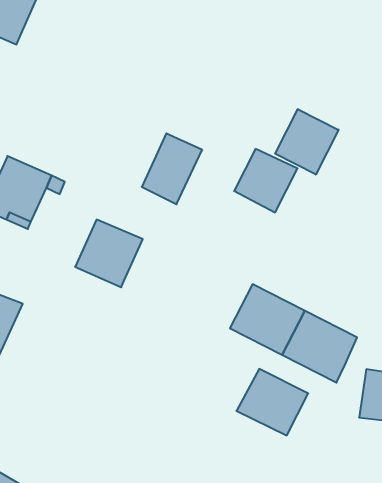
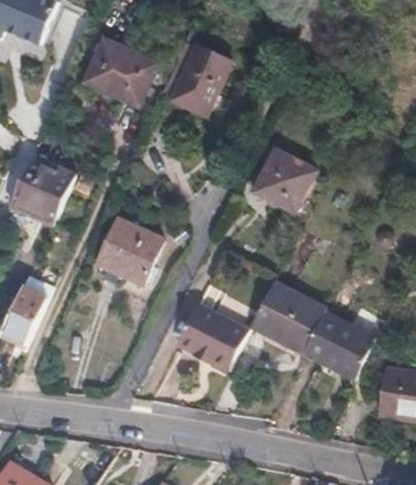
building: none -> [84,39,157,106]
building: [275,109,339,175] -> none
building: [142,133,202,204] -> [171,47,231,117]
building: [236,369,308,435] -> [179,302,250,368]

